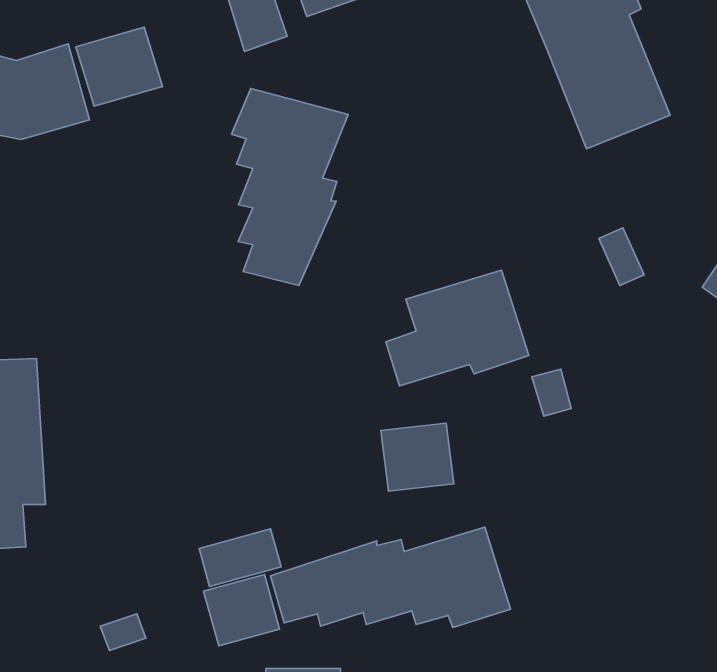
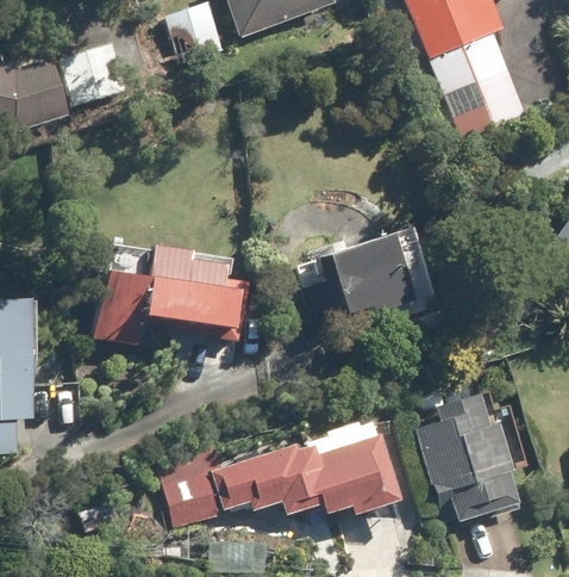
building: [232,89,348,285] -> none
building: none -> [94,247,249,345]
building: [381,423,454,491] -> none
building: none -> [415,393,520,521]

